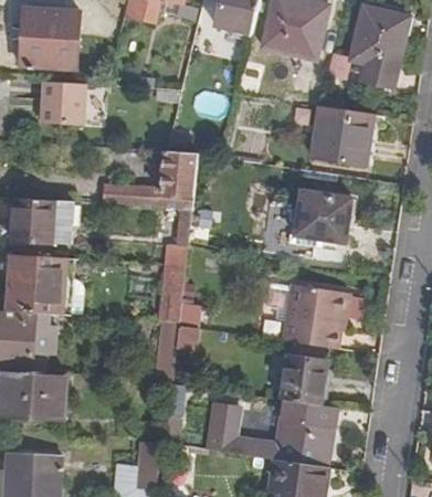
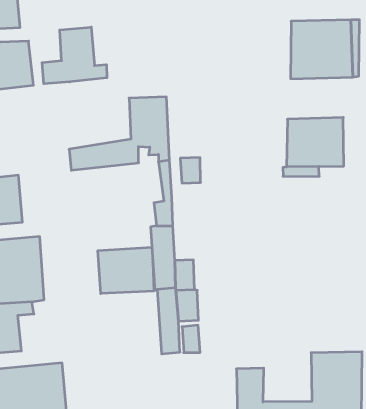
building: none -> [42,27,107,84]
building: none -> [98,247,154,294]
building: [282,284,347,348] -> none
building: [281,355,325,405] -> none

